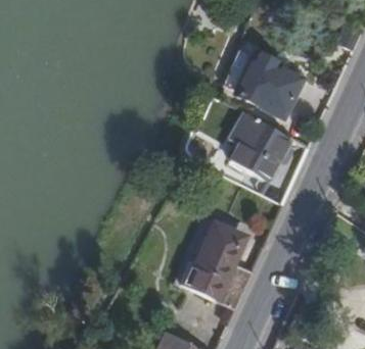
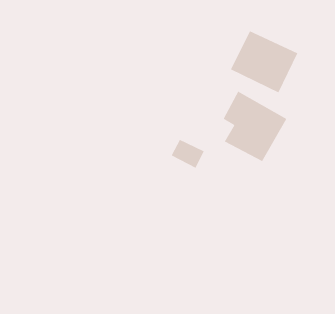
building: [184,226,253,307] -> none

